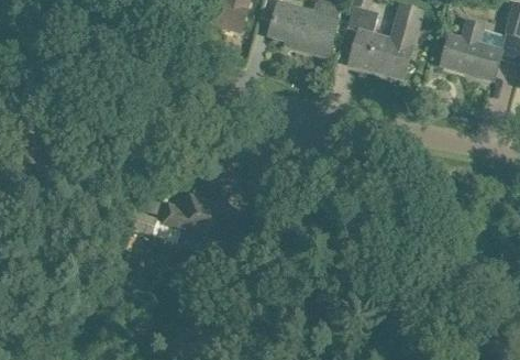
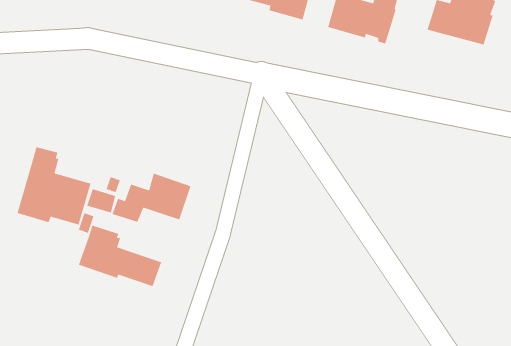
building: none -> [16,146,92,226]
building: none -> [78,224,162,287]

